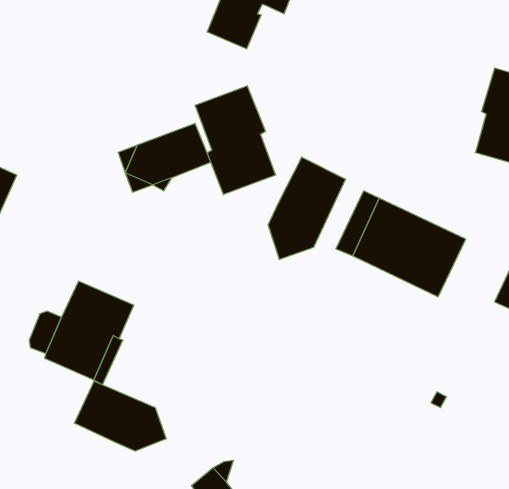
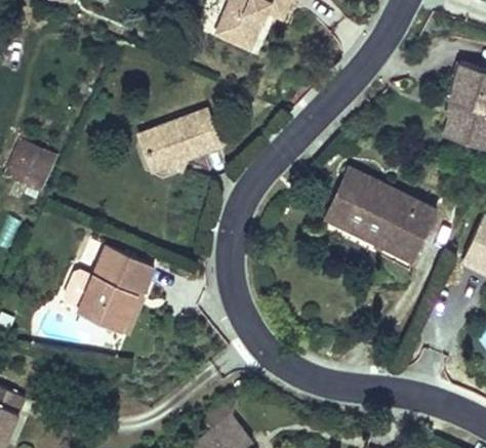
building: [195,86,276,195] -> none
building: [268,157,346,260] -> none
building: [74,381,166,451] -> none

